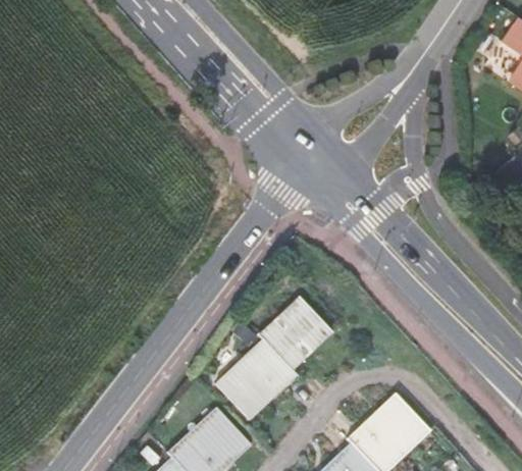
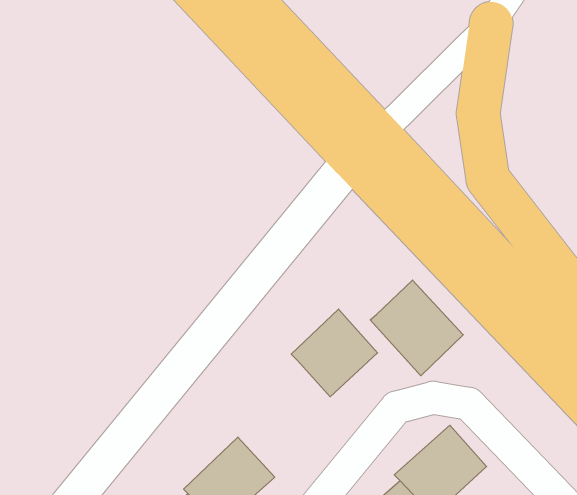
building: none -> [370,280,463,376]
building: [216,339,299,422] -> none

